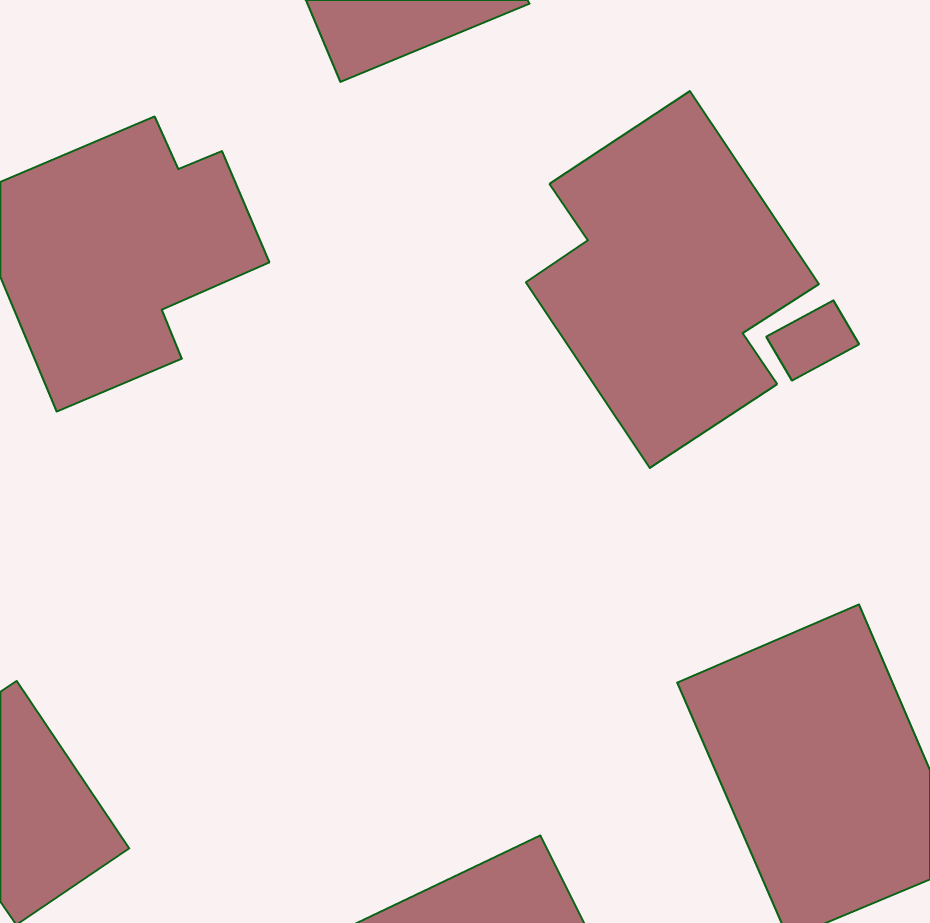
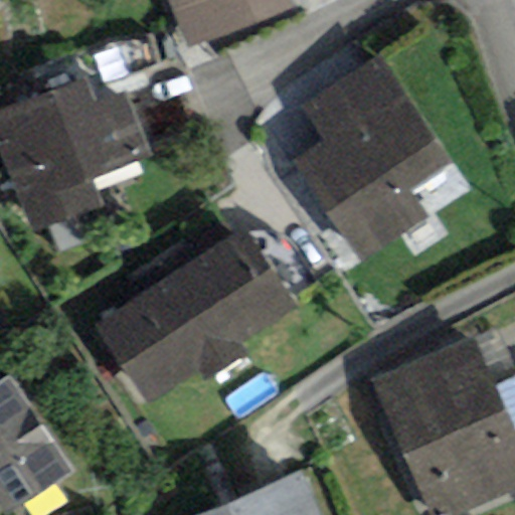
building: none -> [94,226,298,405]

